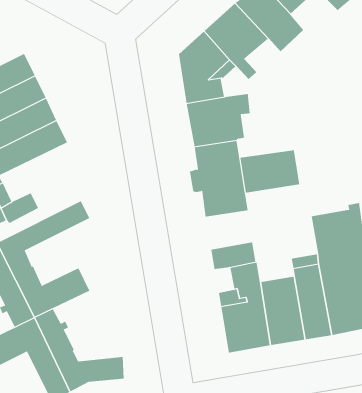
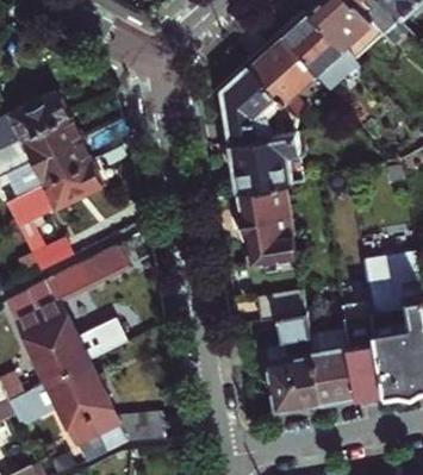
building: [240,149,300,194] -> none

